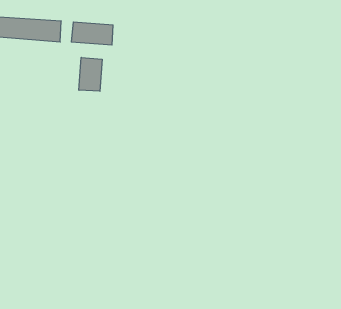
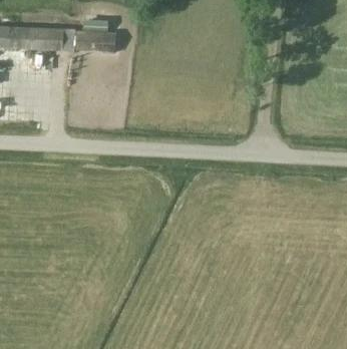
building: [79,57,102,91] -> none

